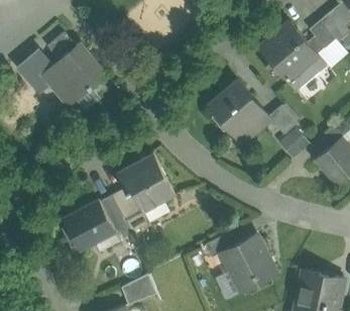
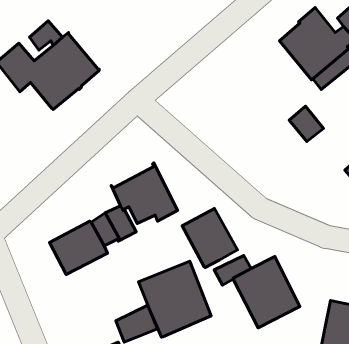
building: [209,81,264,136] -> none
building: [279,124,314,158] -> none
building: none -> [182,208,238,267]
building: none -> [138,261,211,337]

